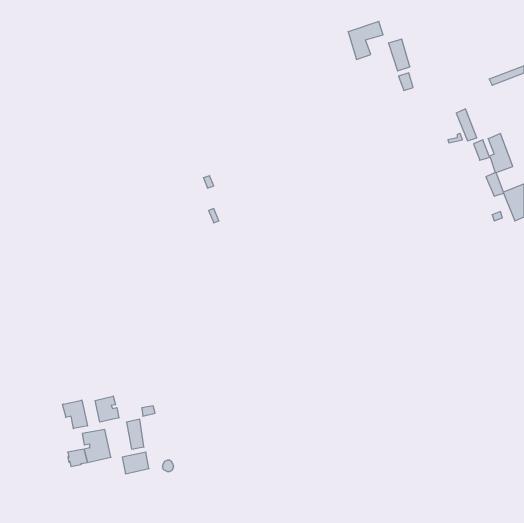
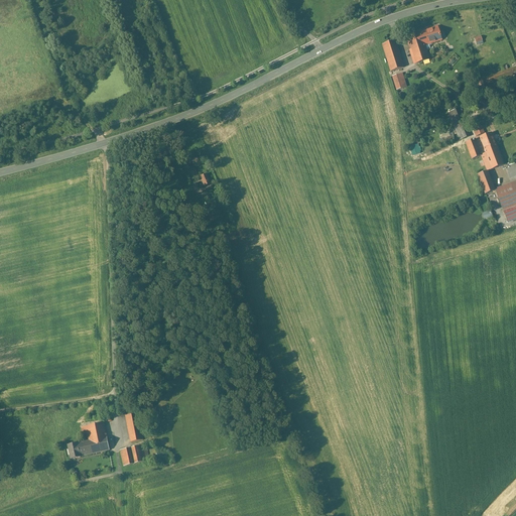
building: [348,21,383,59] -> [406,25,440,62]
building: [95,396,119,422] -> none
building: [63,400,87,429] -> none

